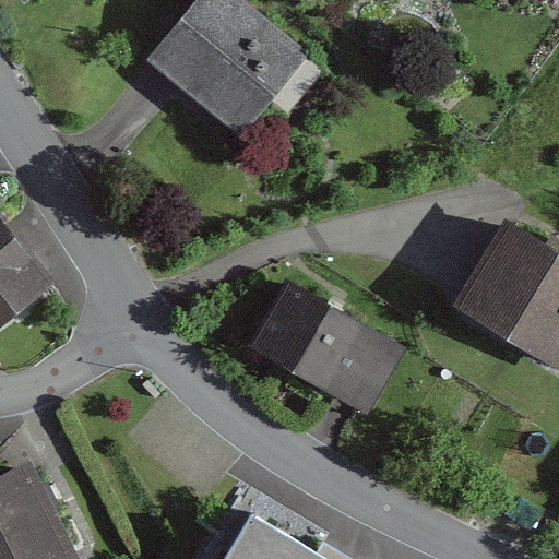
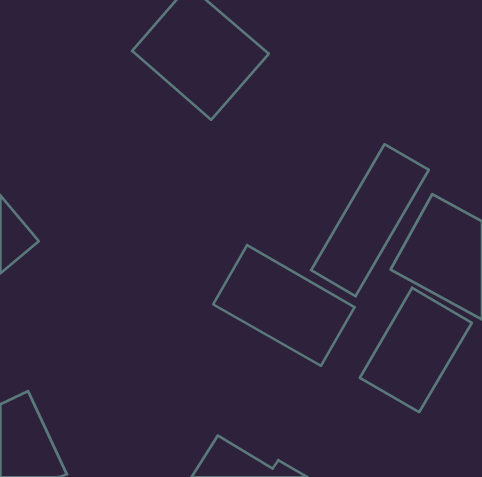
building: none -> [311,144,429,296]
building: none -> [360,288,472,412]

